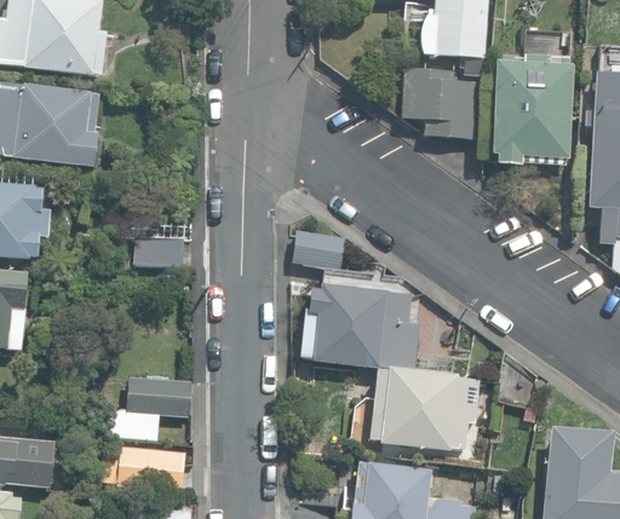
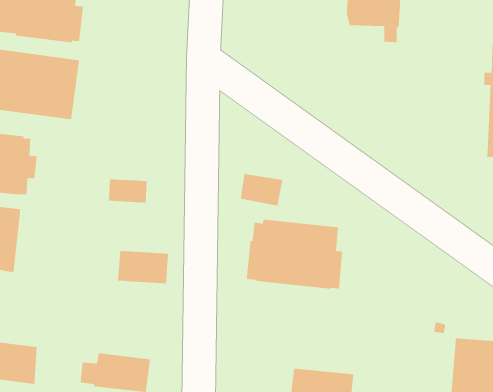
building: [492,53,574,166] -> none
building: [401,67,478,138] -> none
building: [371,369,480,449] -> none
building: [128,376,190,416] -> [117,250,169,284]

